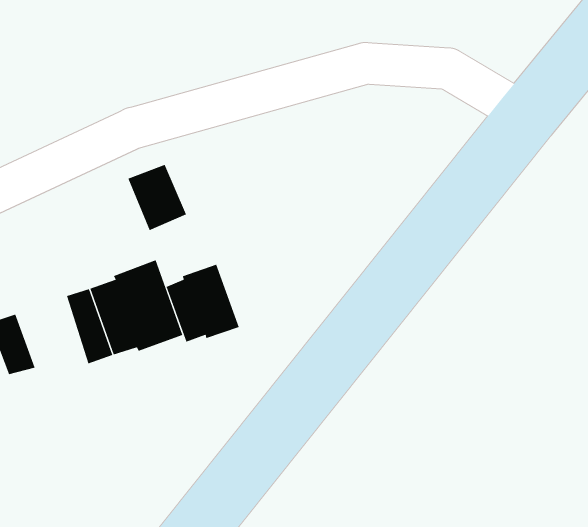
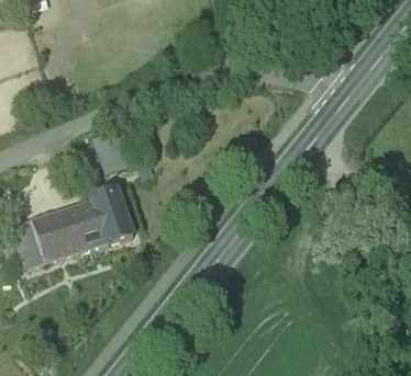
building: [166,264,239,342] -> none
building: none -> [34,209,78,262]

